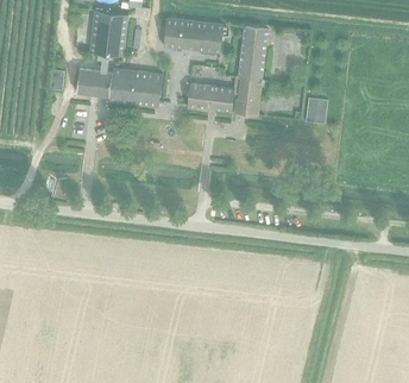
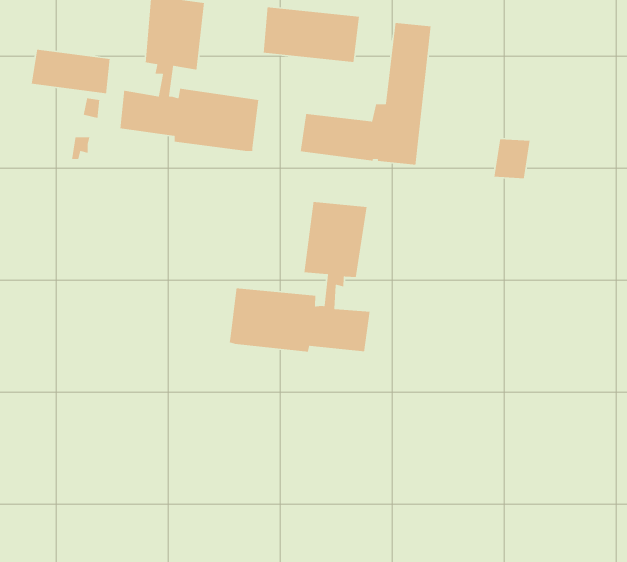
building: none -> [31,49,111,94]
building: none -> [229,201,371,353]

